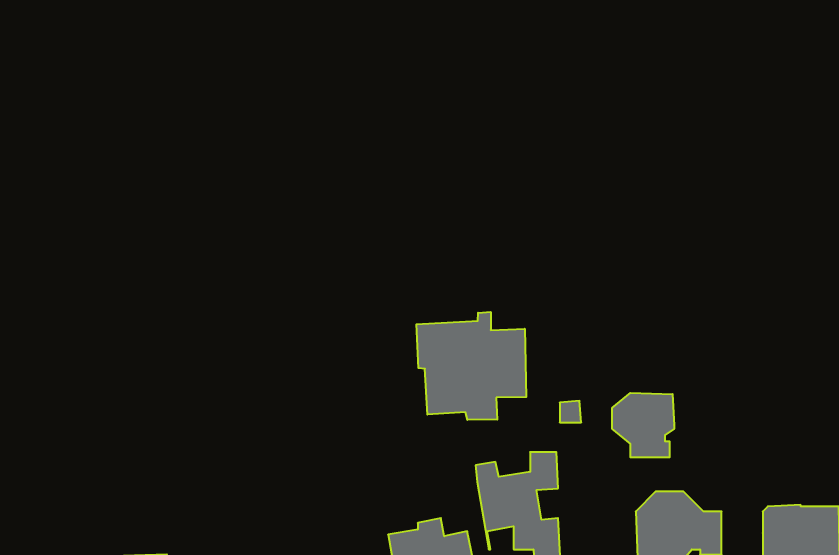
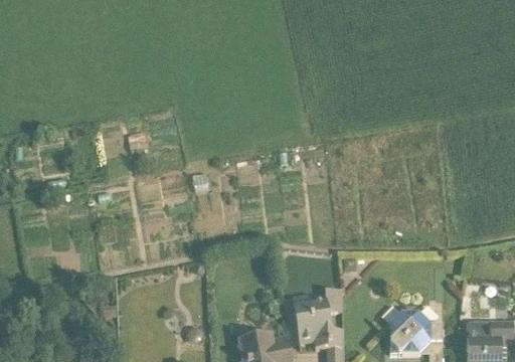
building: [416,312,526,420] -> none
building: [612,393,674,457] -> none

